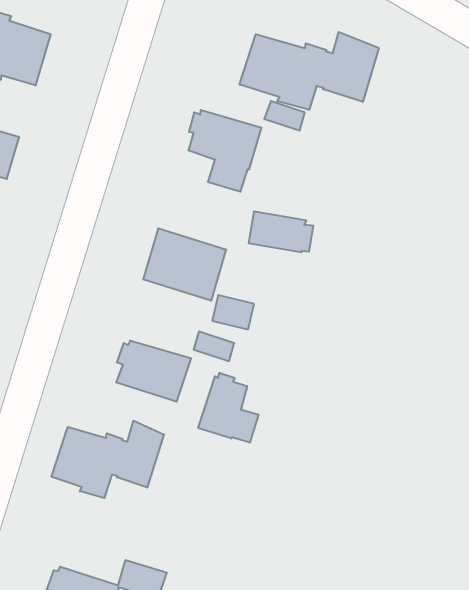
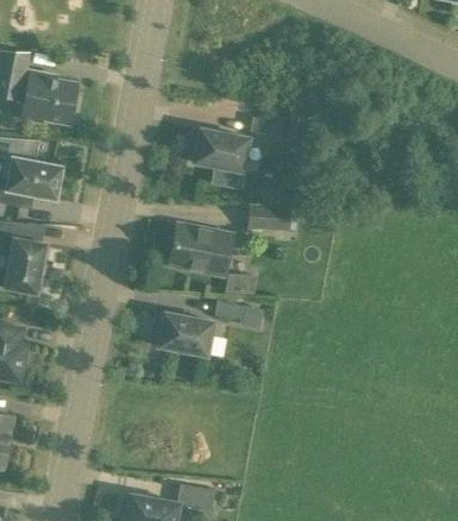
building: [240,32,379,110] -> none
building: [198,373,259,443] -> none
building: [51,421,164,498] -> none

